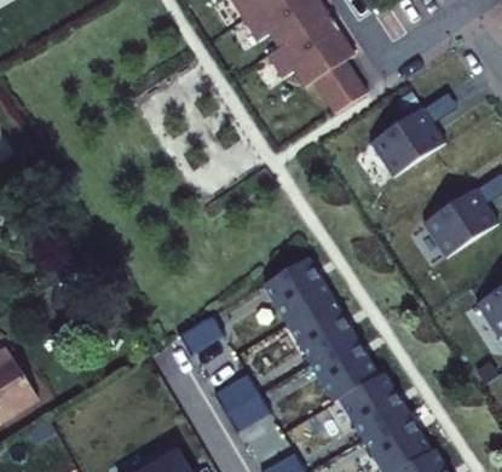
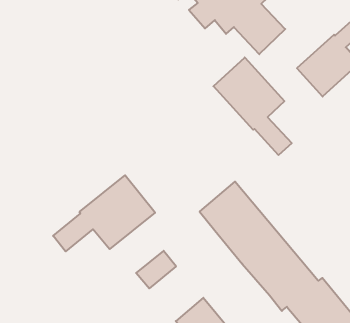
building: none -> [213,57,292,155]
building: none -> [53,175,155,251]

